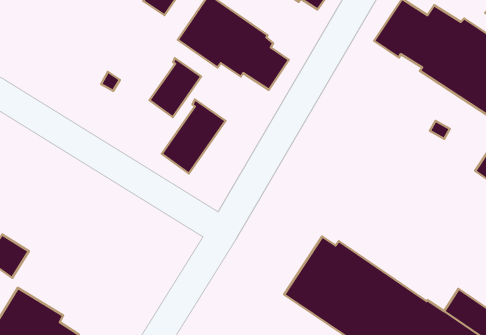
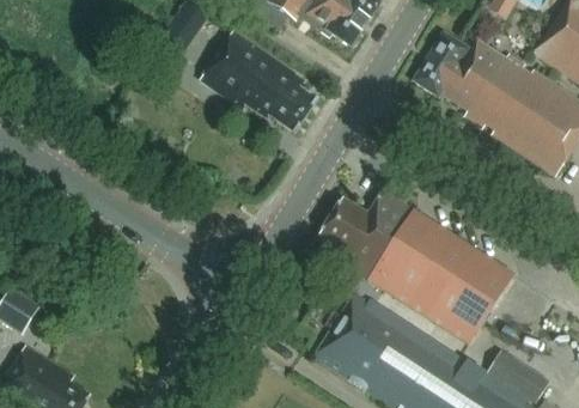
building: [150,58,201,117] -> none
building: [162,99,226,174] -> none
building: none -> [321,189,514,343]

